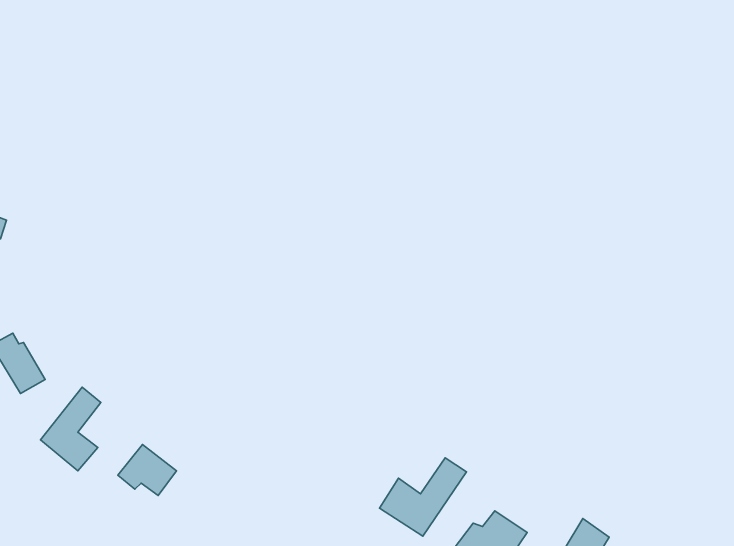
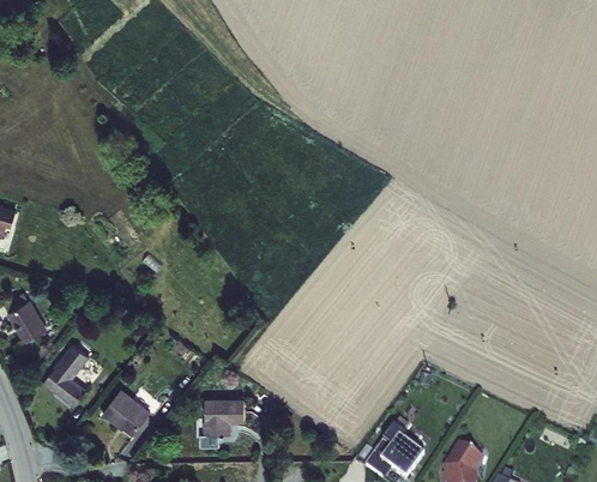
building: [380,458,467,536] -> none
building: none -> [204,397,242,444]

